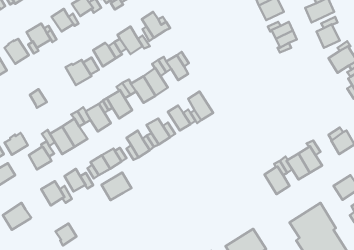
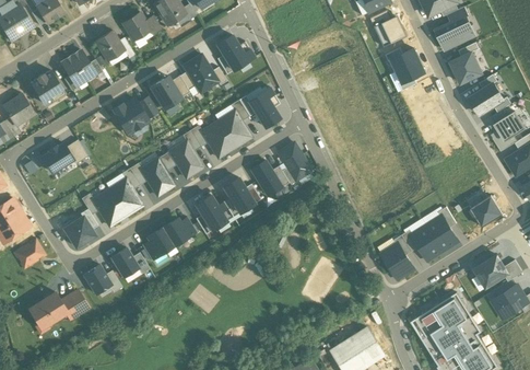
building: [4,133,28,155] -> [42,143,73,173]
building: [101,173,131,200] -> none
building: [55,224,77,245] -> [60,290,89,320]

